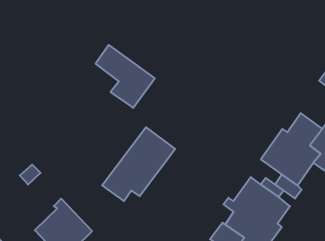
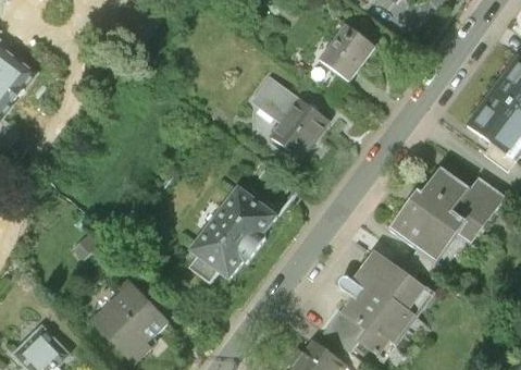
building: none -> [319,25,372,81]
building: [96,45,155,108] -> [252,74,330,157]

